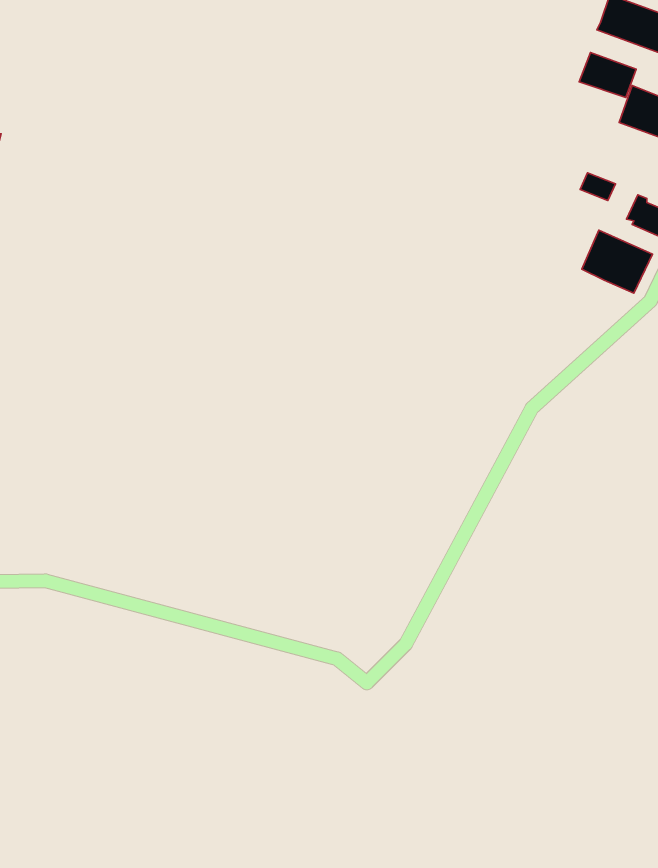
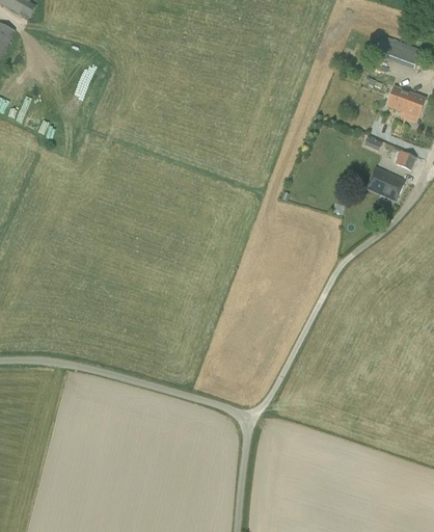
building: [579,52,636,97] -> none

